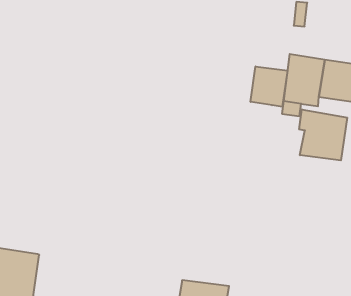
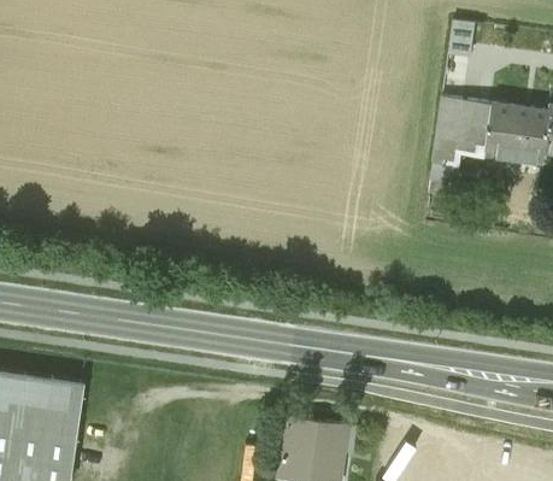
building: [251,66,287,107] -> none
building: [299,109,347,160] -> none

